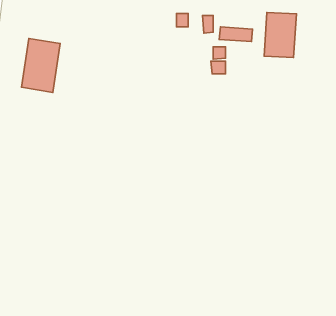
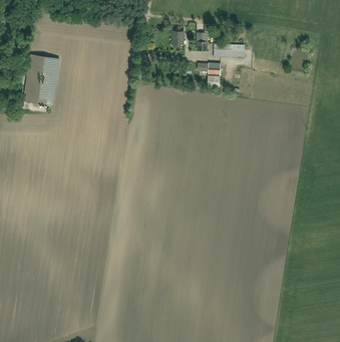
building: [264,13,296,58] -> none

